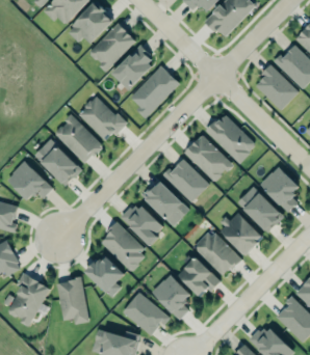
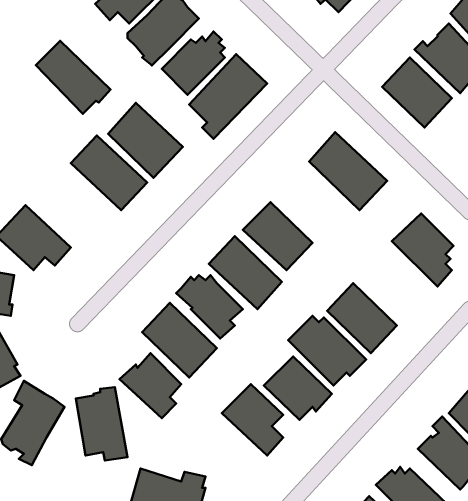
building: [183,133,234,180] -> none
building: [34,138,82,185] -> [36,41,110,114]
building: [236,185,283,233] -> none
building: [123,291,170,334] -> none

